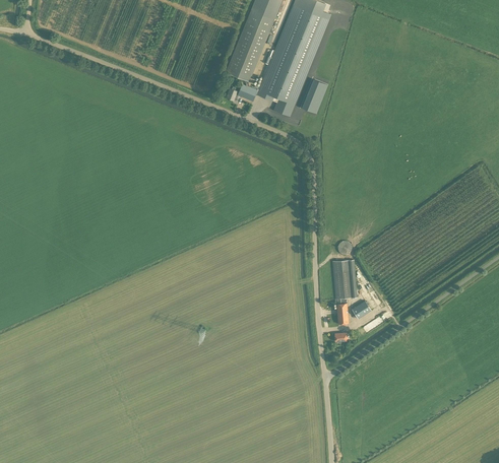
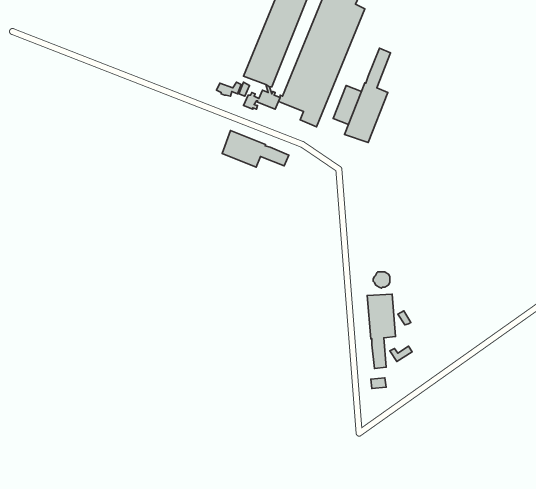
building: none -> [344,48,391,143]
building: none -> [222,131,289,167]

